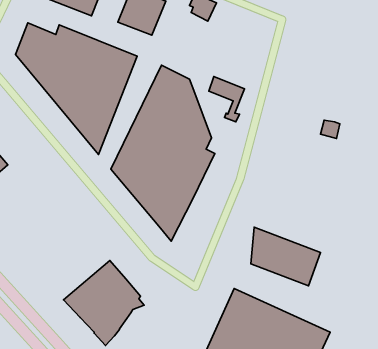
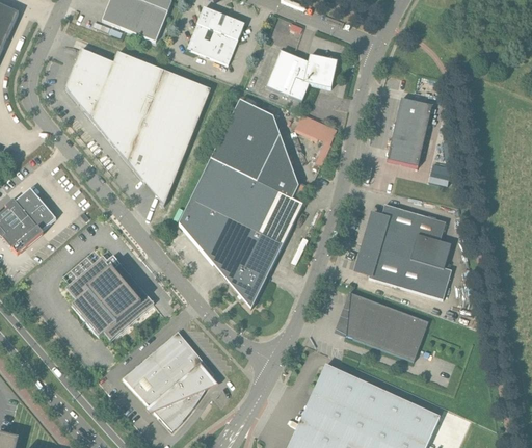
building: none -> [266,50,337,101]
building: none -> [387,98,432,166]
building: none -> [357,204,451,298]
building: none -> [65,255,154,340]

